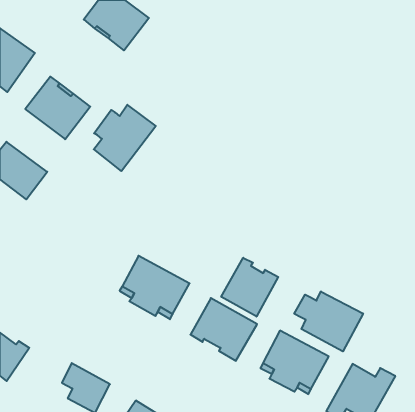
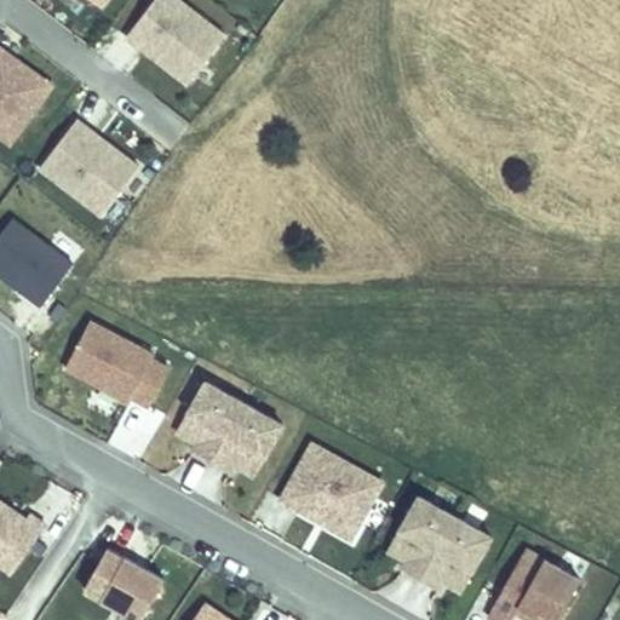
building: [94,105,156,171] -> none
building: none -> [64,321,167,404]
building: [221,258,278,317] -> none
building: [294,291,363,351] -> none

